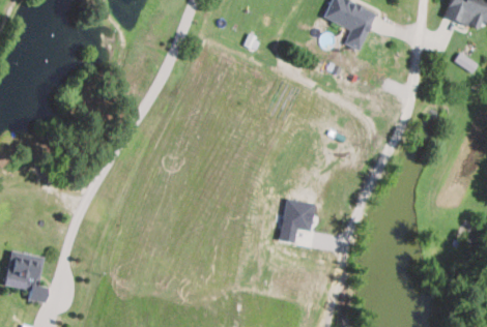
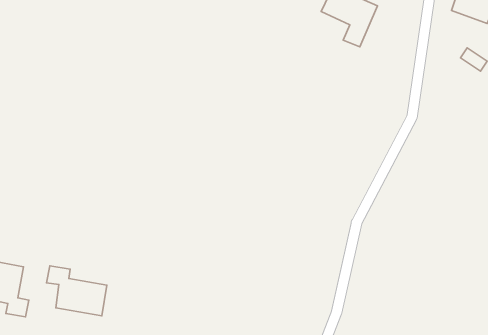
building: [280,199,315,243] -> none
building: none -> [46,266,107,316]

